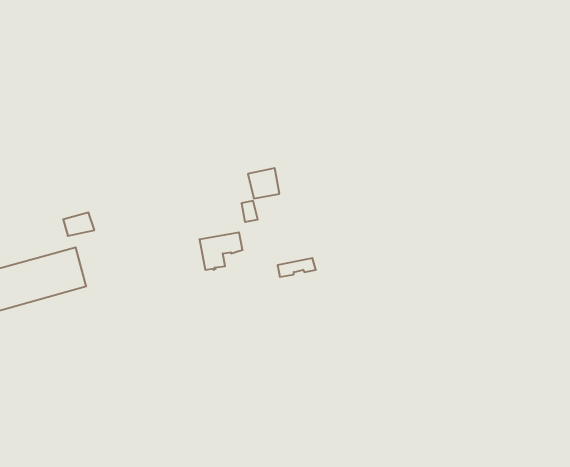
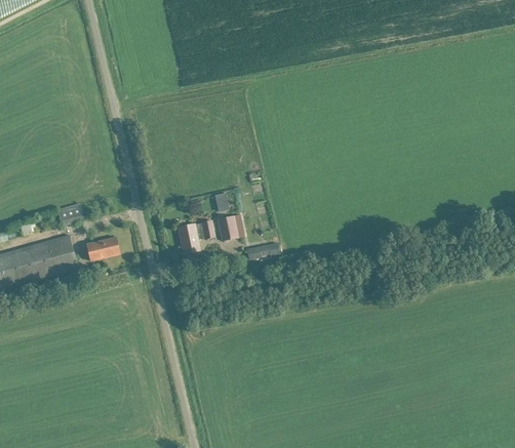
building: [248,168,279,198] -> [216,213,244,240]
building: none -> [86,237,119,261]

